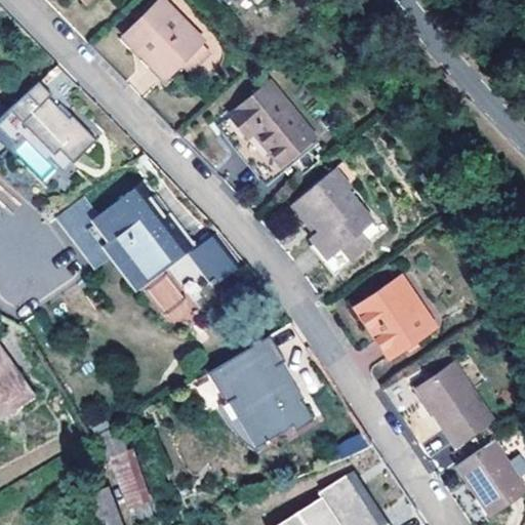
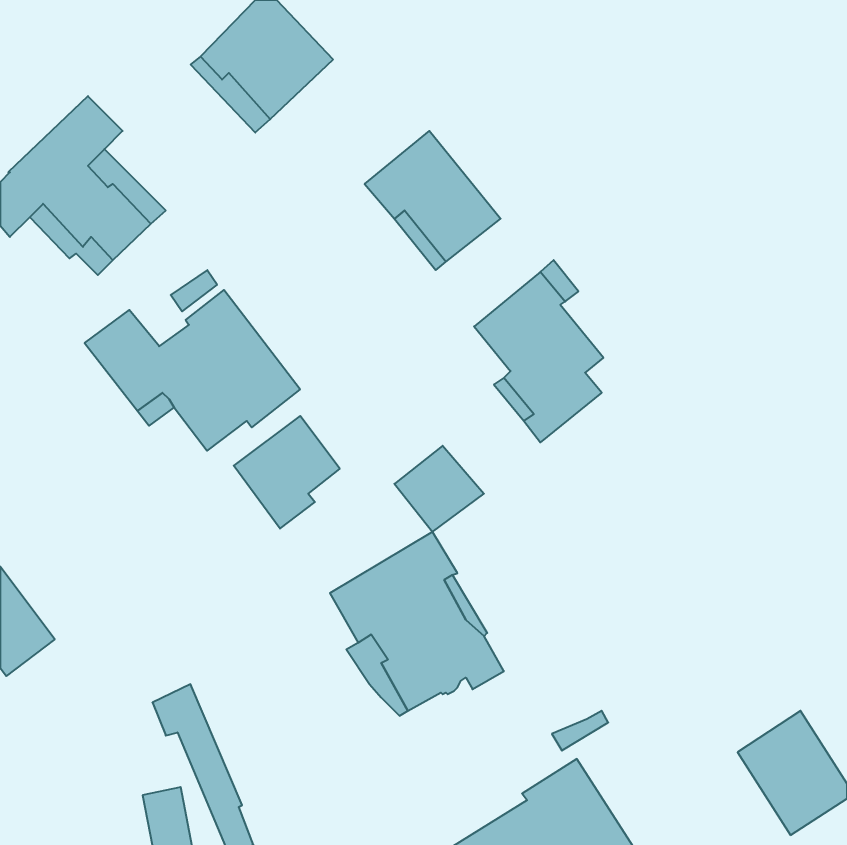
building: [186,228,241,281] -> [394,446,484,532]
building: [353,277,439,362] -> none
building: [414,362,497,451] -> none

